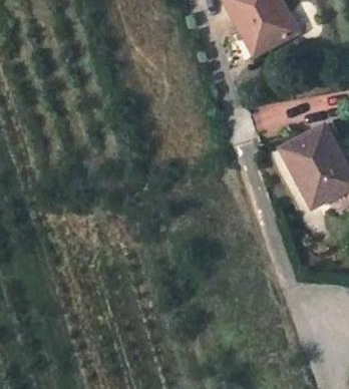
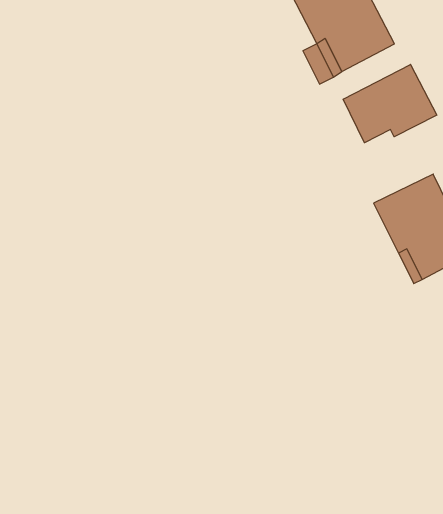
building: none -> [343,64,437,143]

